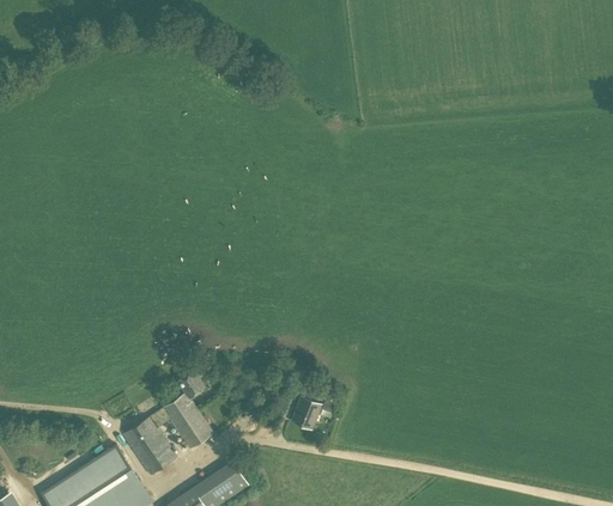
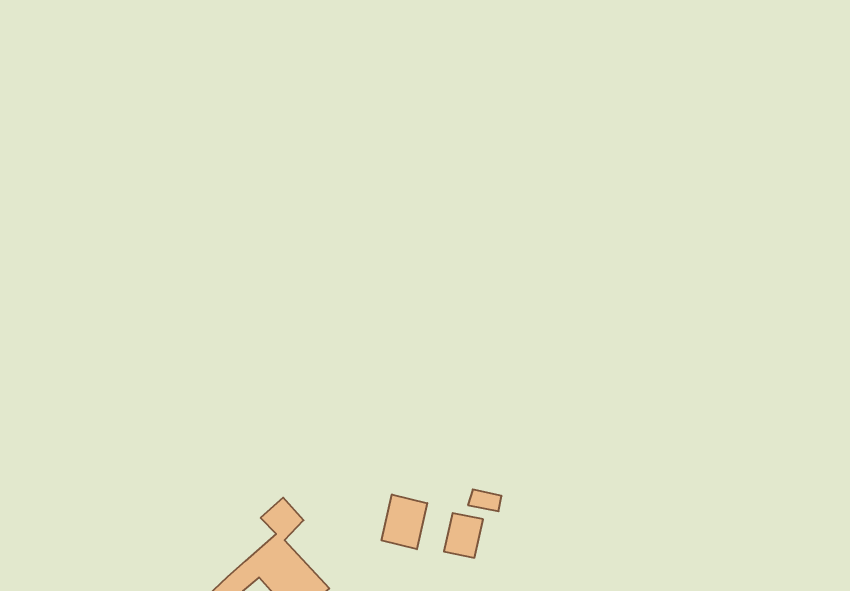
building: none -> [382,494,427,549]

